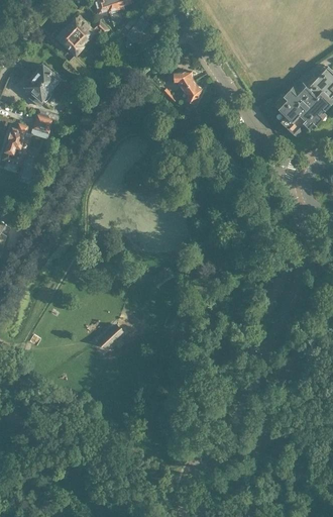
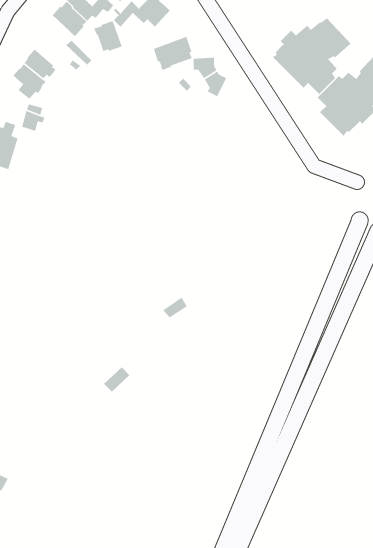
building: none -> [272,18,351,95]
building: none -> [93,20,123,52]
building: none -> [153,36,193,71]

